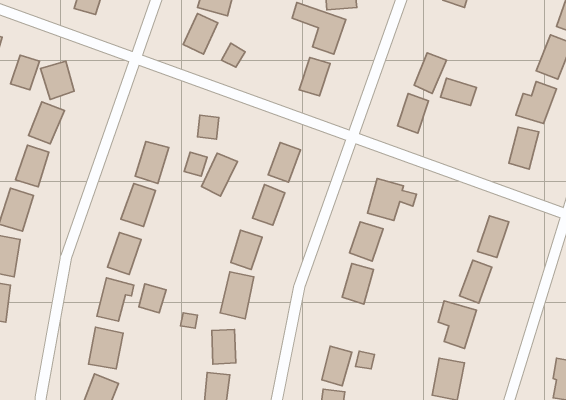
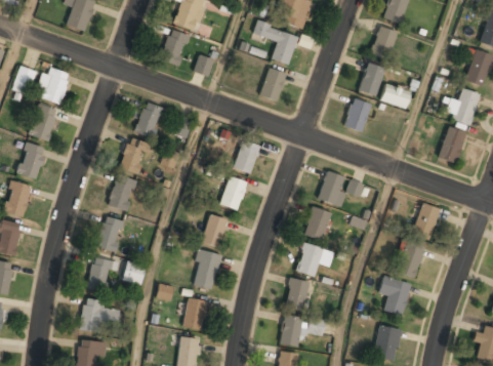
building: none -> [369,27,398,62]
building: [201,153,237,196] -> [133,103,164,139]
building: none -> [283,279,310,313]

